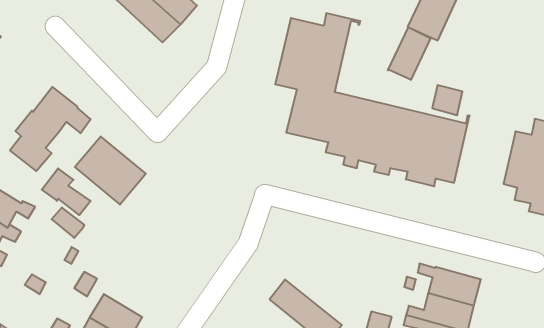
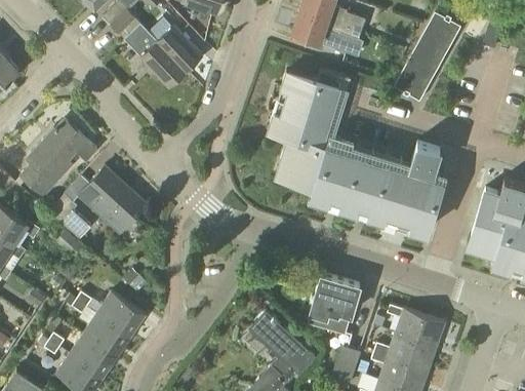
building: [388,27,431,80] -> none
building: none -> [308,274,360,334]
building: none -> [98,291,147,336]

